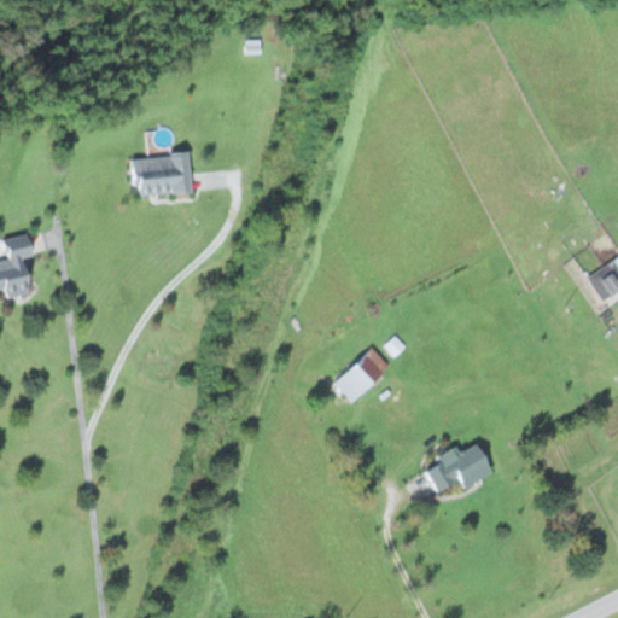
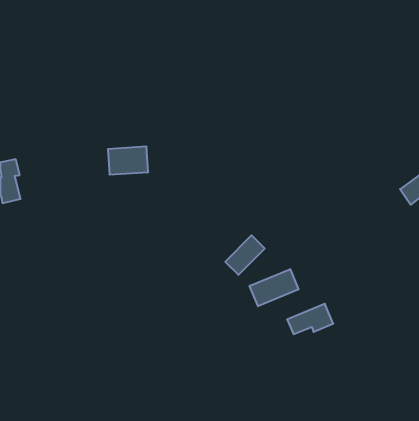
building: [133,154,192,196] -> [108,147,148,175]
building: none -> [250,269,298,306]

